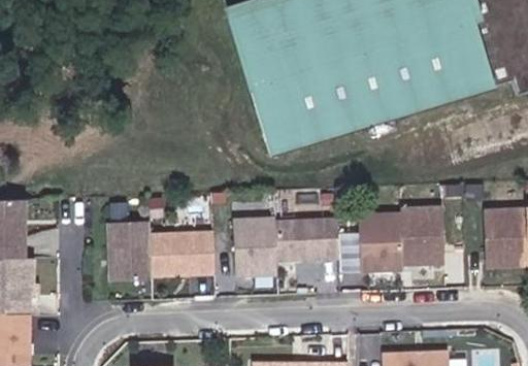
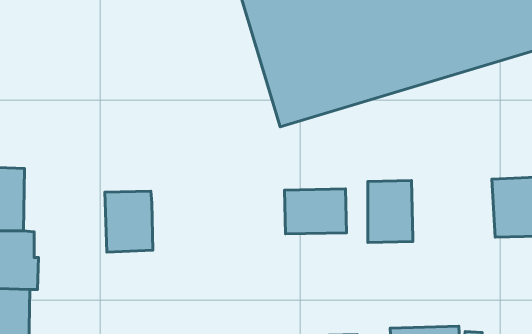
building: [399,205,442,266] -> none
building: [230,215,277,278] -> none
building: [148,231,213,277] -> none

